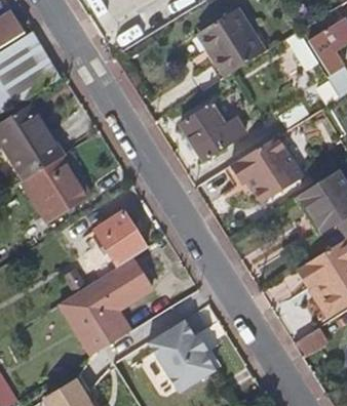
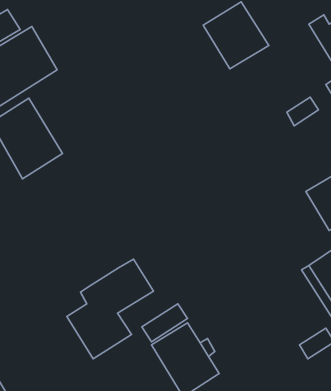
building: [179,103,244,159] -> none
building: [229,136,300,200] -> none
building: [22,154,90,224] -> none
building: [95,212,146,267] -> none

